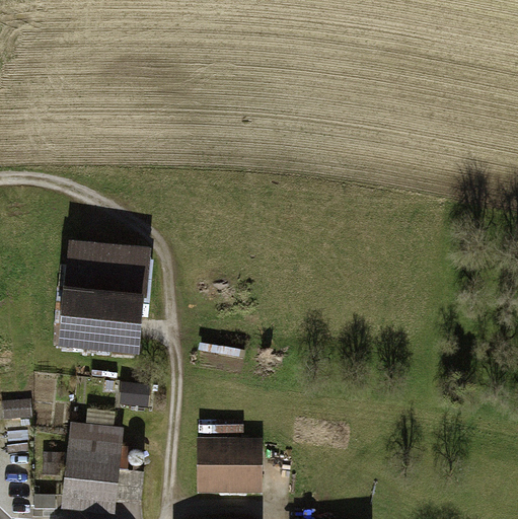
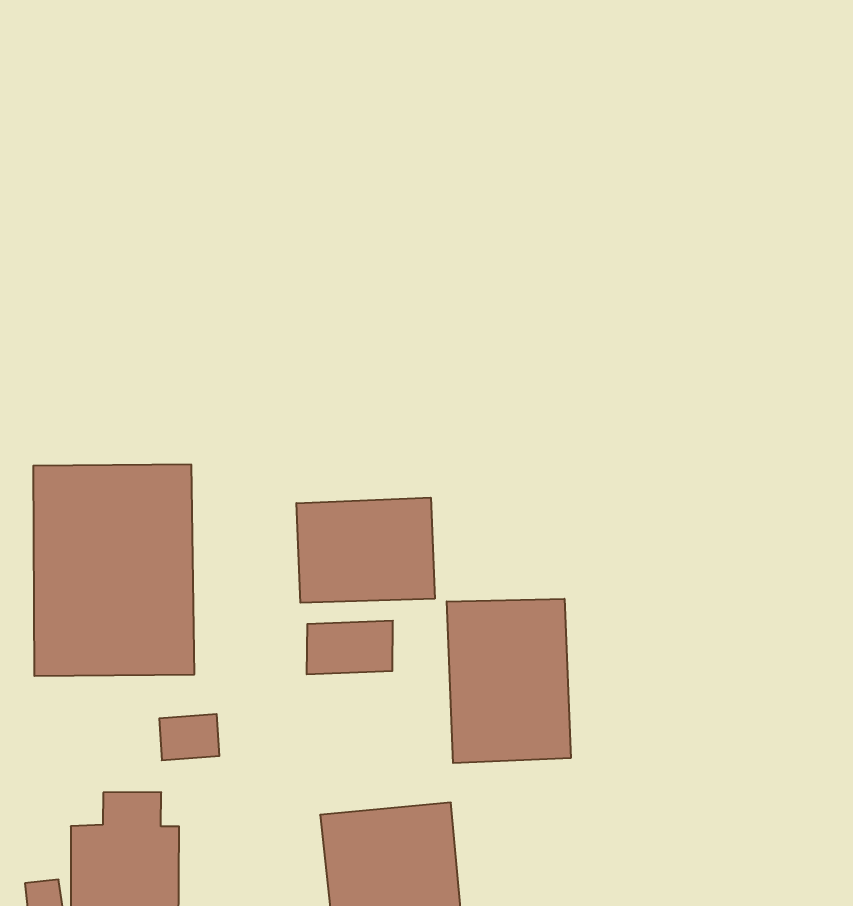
building: none -> [296,498,435,603]
building: none -> [447,599,571,763]

